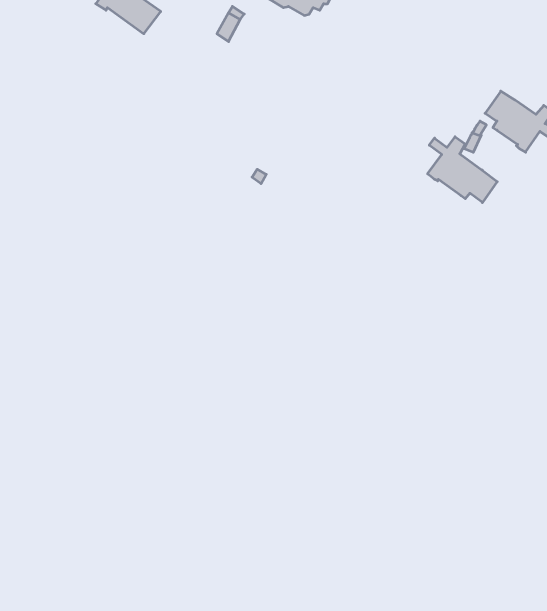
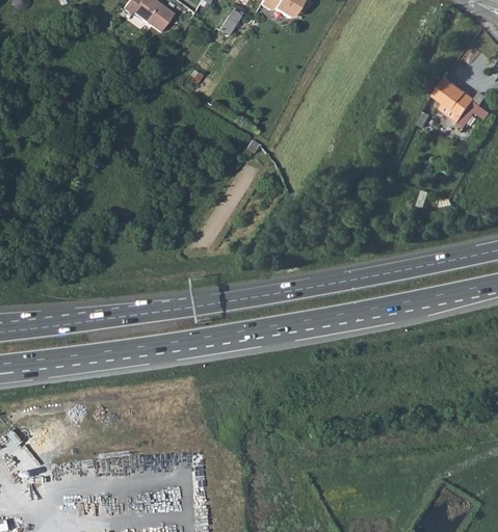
building: [428,137,497,203] -> none

